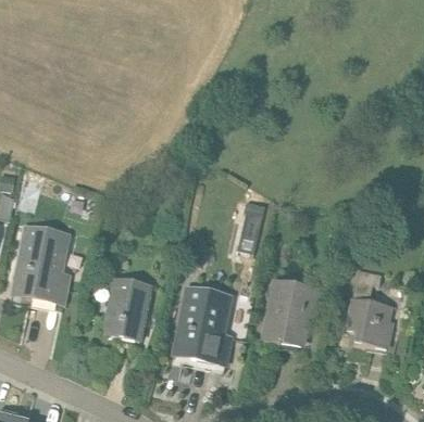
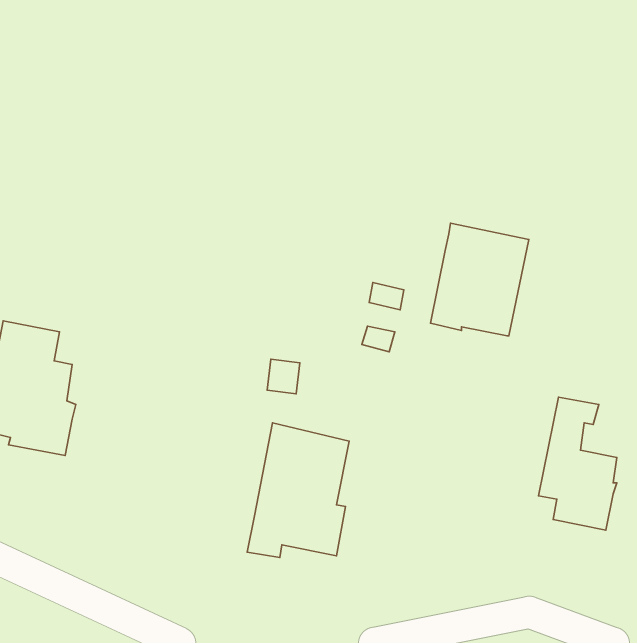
building: [103,274,155,341] -> none
building: [263,279,322,346] -> [431,223,529,336]

